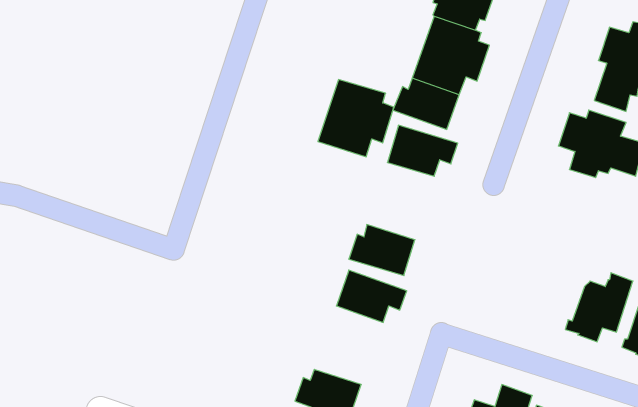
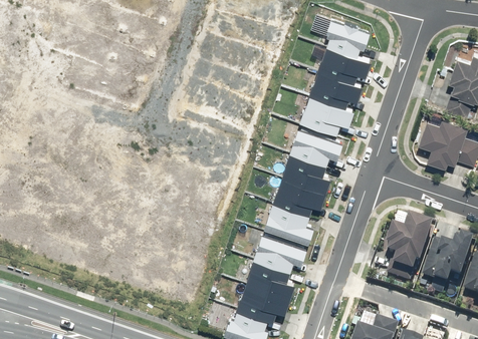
building: [318,80,394,157] -> [278,153,333,210]
building: none -> [385,217,431,280]
building: none -> [240,258,296,315]

